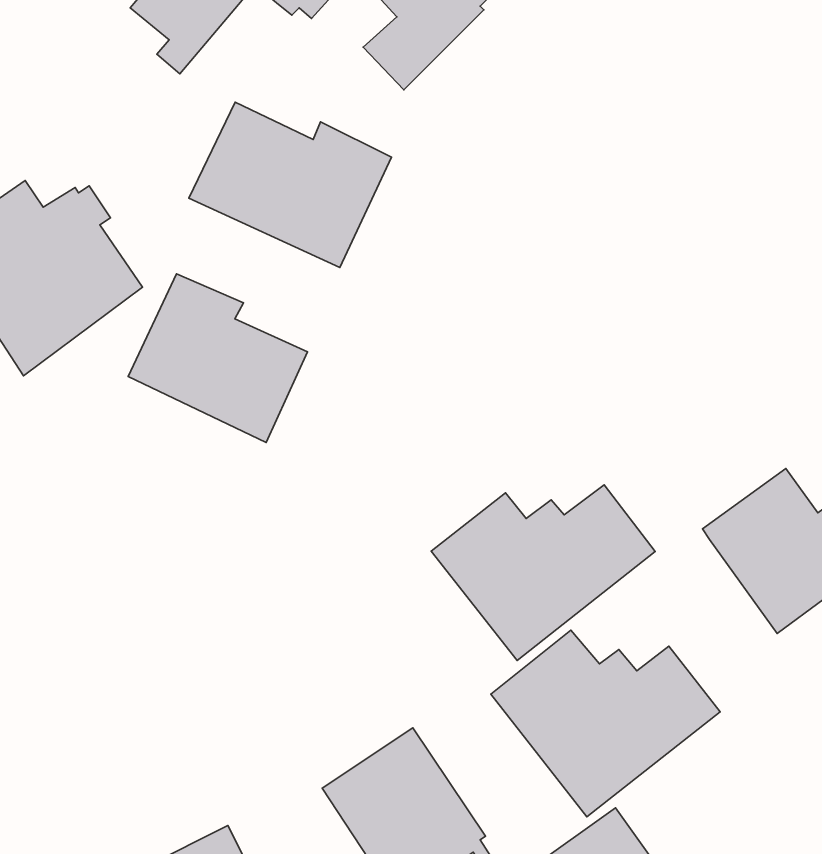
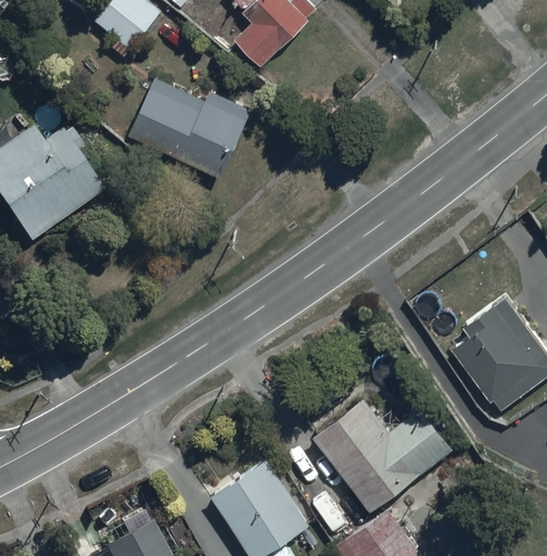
building: [128,274,307,442] -> none
building: [431,485,655,660] -> none

